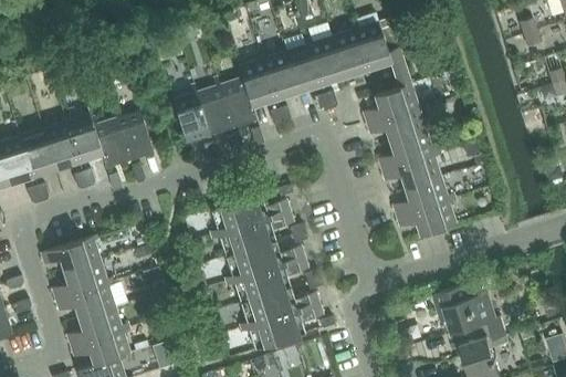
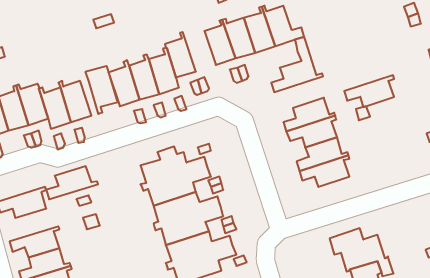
building: [260,53,298,101] -> none
building: none -> [86,66,118,114]
building: [367,106,426,144] -> [344,75,394,107]
building: [53,262,114,301] -> [46,166,98,199]

